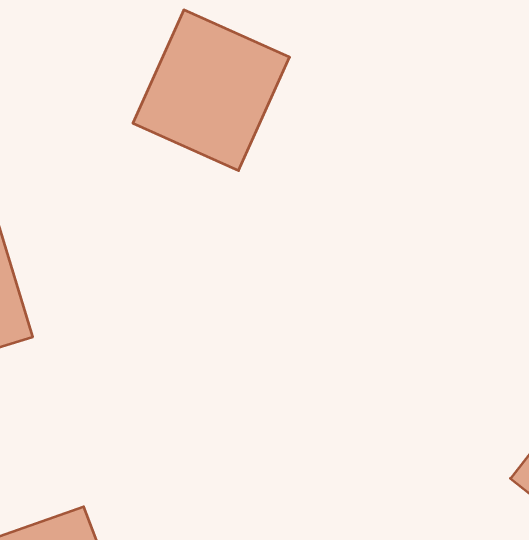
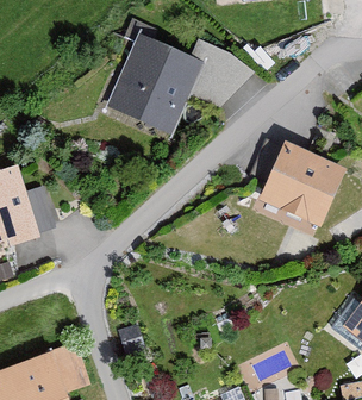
building: none -> [261,140,345,226]

